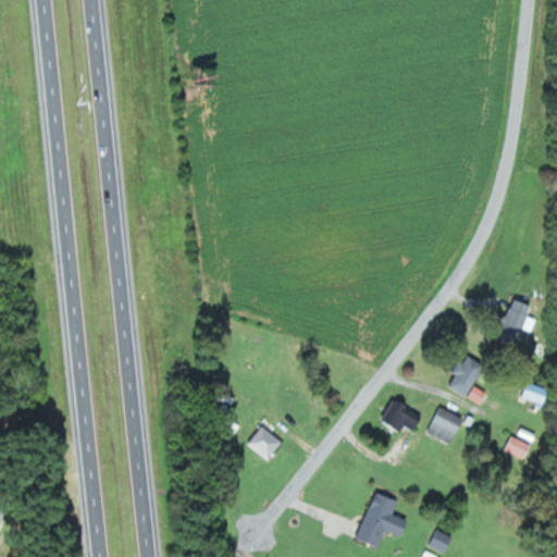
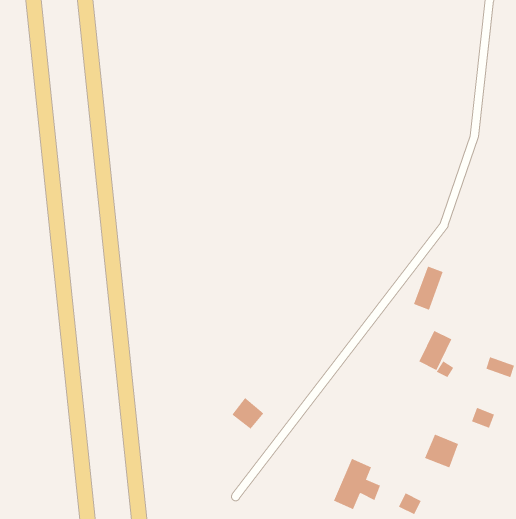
building: [497,298,530,346] -> [413,266,444,310]
building: [381,399,421,431] -> none
building: [425,407,462,444] -> [424,434,459,468]

